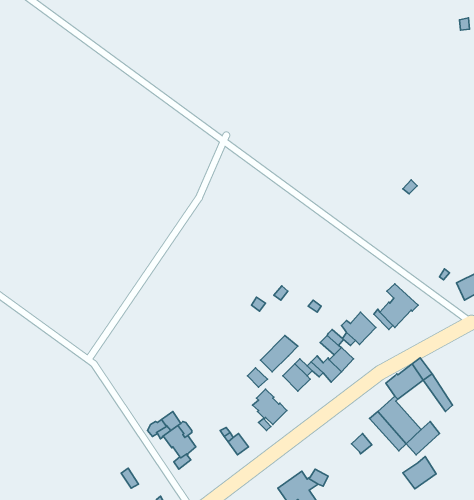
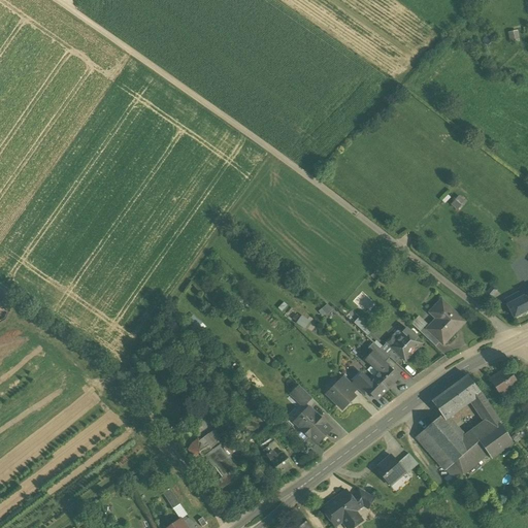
building: [260,336,298,372] -> none
building: none -> [490,366,518,392]
building: none -> [375,454,405,484]
building: [403,457,436,489] -> [477,423,512,456]

